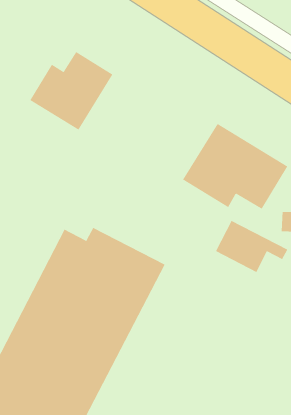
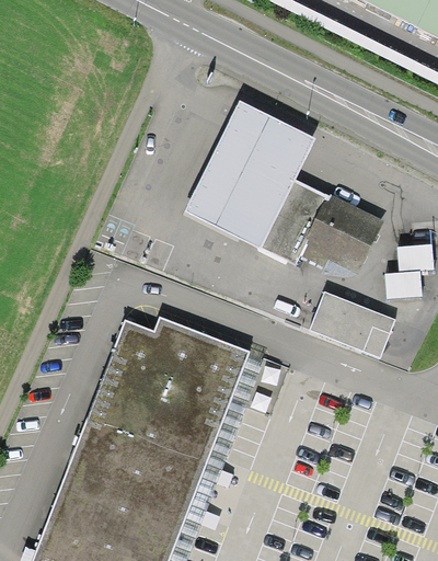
building: [29,51,113,130] -> none
building: none -> [184,101,314,248]

